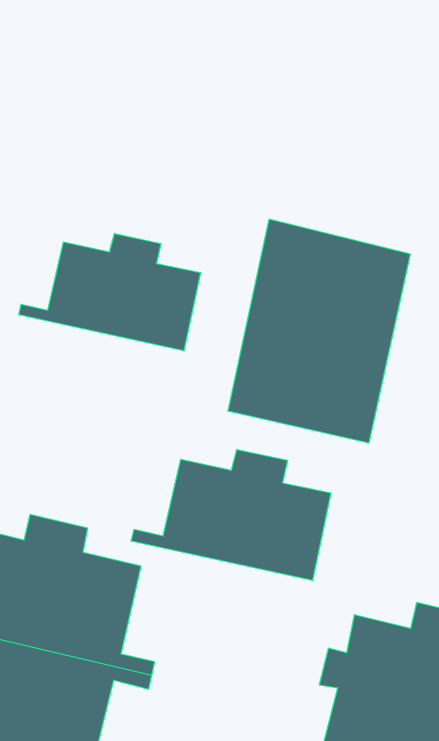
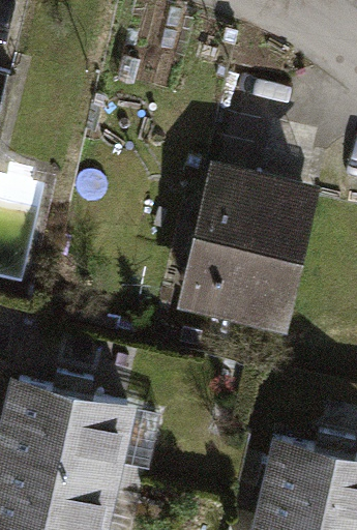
building: [19,233,200,351] -> none
building: [131,449,331,581] -> none

